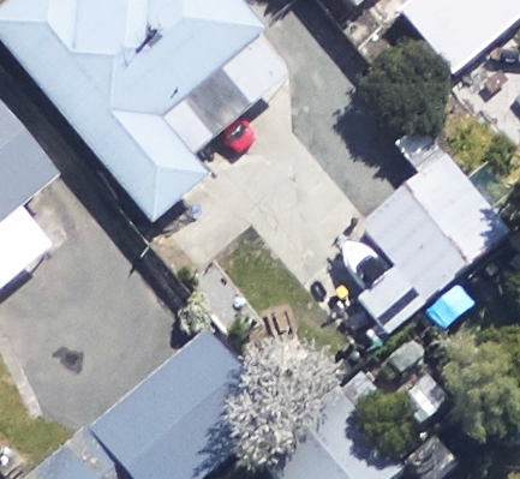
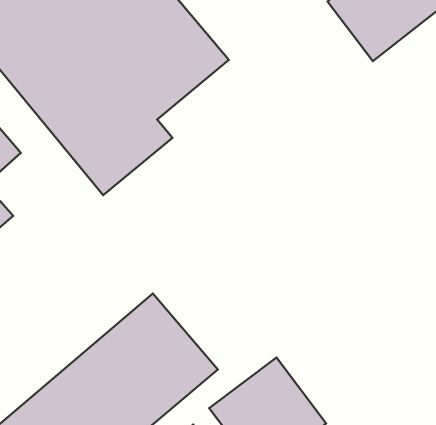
building: [336,162,503,322] -> none

